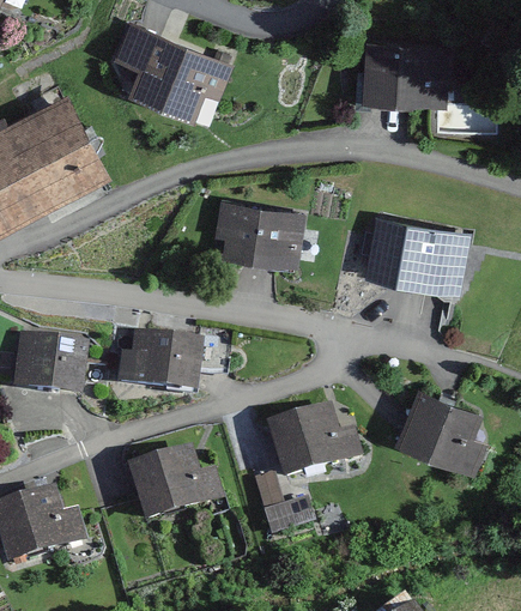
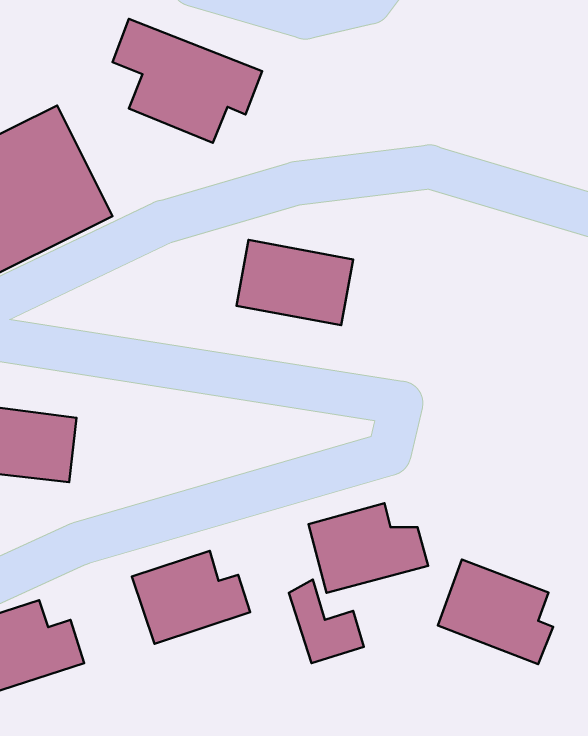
building: [362,46,452,107] -> none
building: [364,213,471,292] -> none
building: [115,328,206,392] -> none
building: [394,388,486,472] -> [438,560,553,664]

